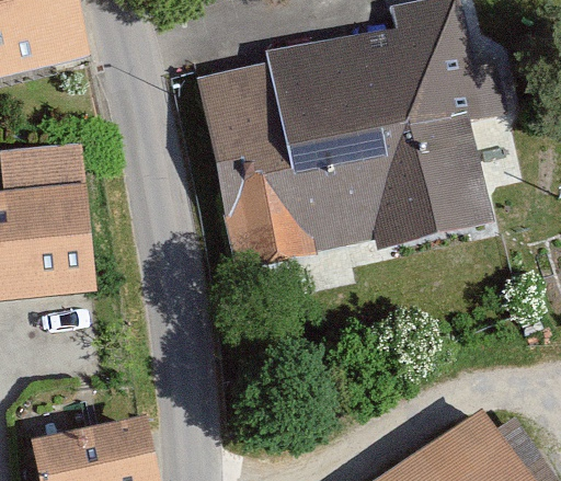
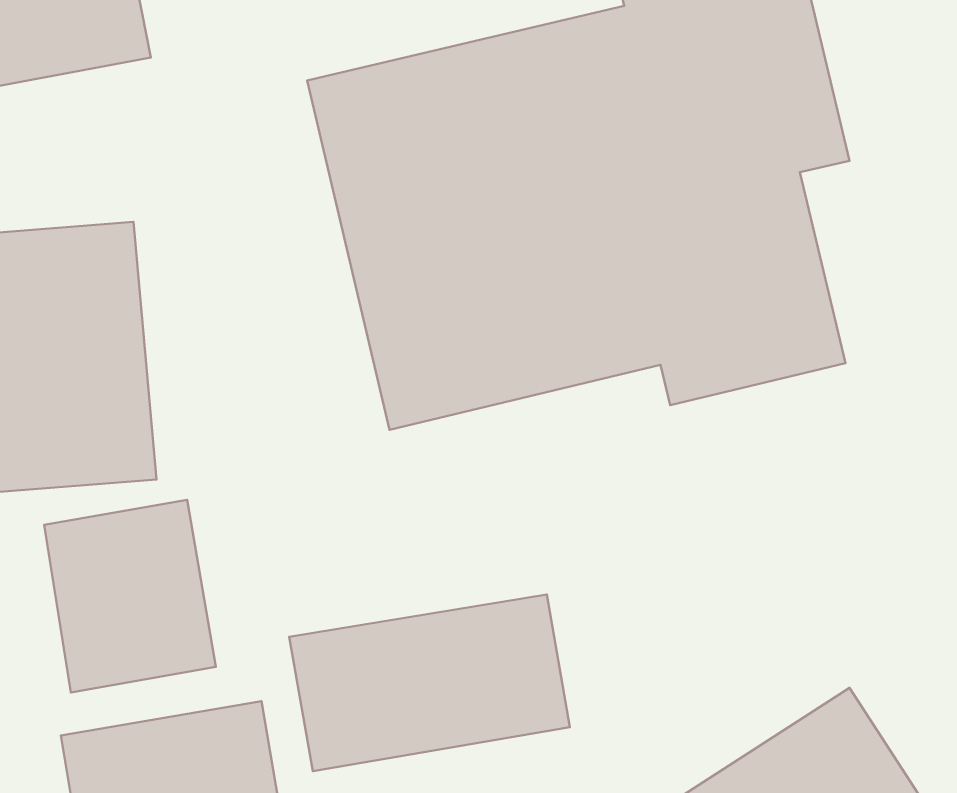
building: none -> [44,500,216,692]
building: none -> [289,594,570,771]

